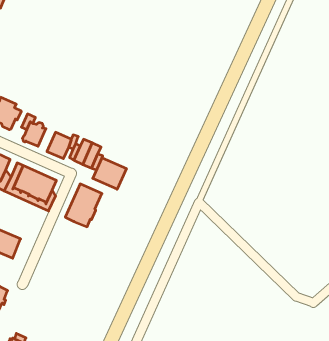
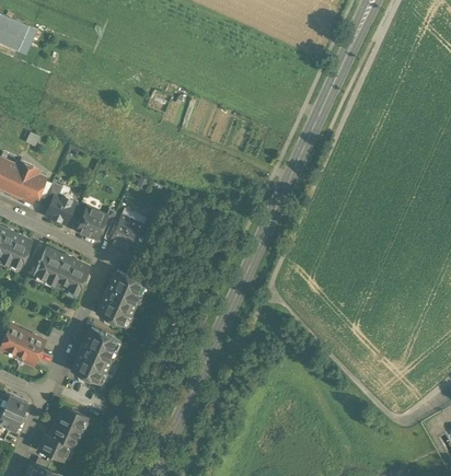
building: [93,158,126,189] -> none
building: none -> [73,327,120,382]
building: none -> [38,406,88,461]

